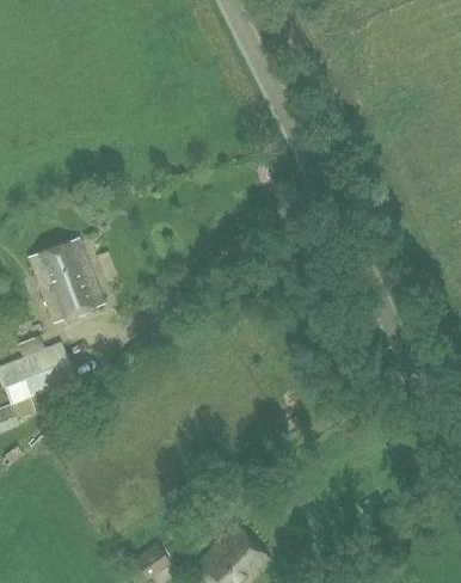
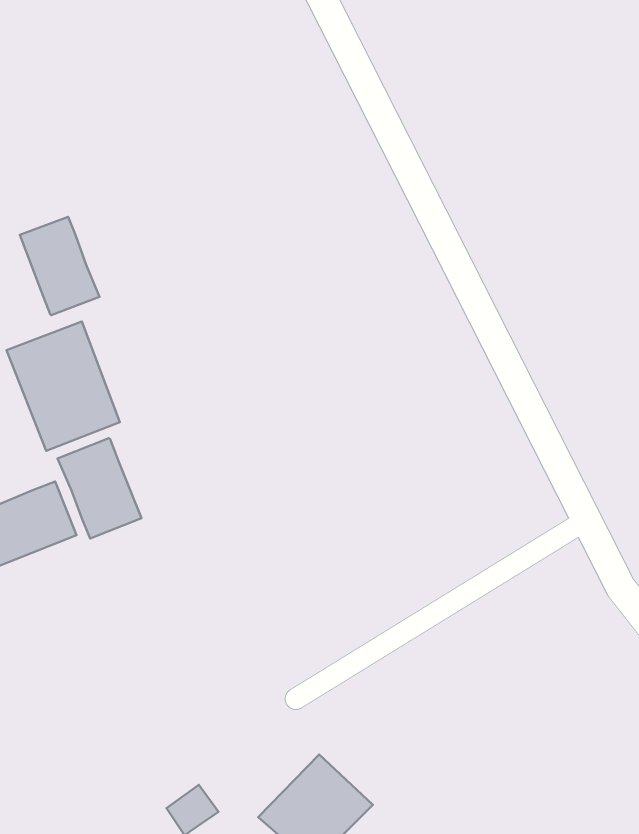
building: none -> [20,217,100,315]
building: none -> [58,438,141,538]

